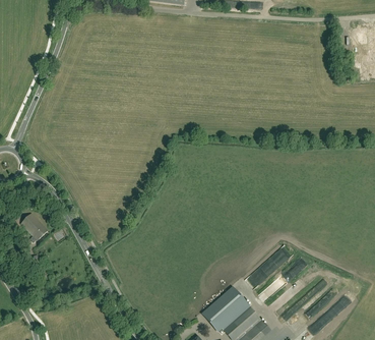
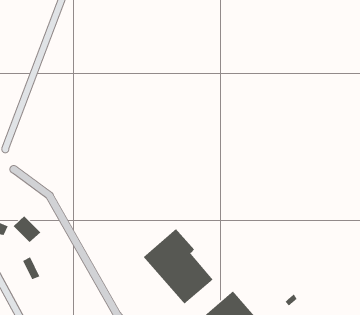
building: none -> [143,228,213,305]

